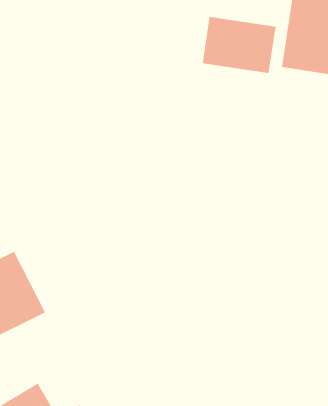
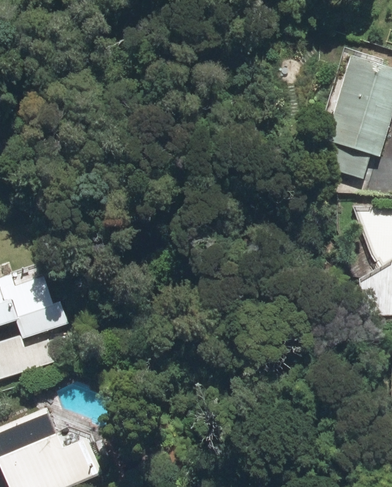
building: [202,16,276,74] -> none

